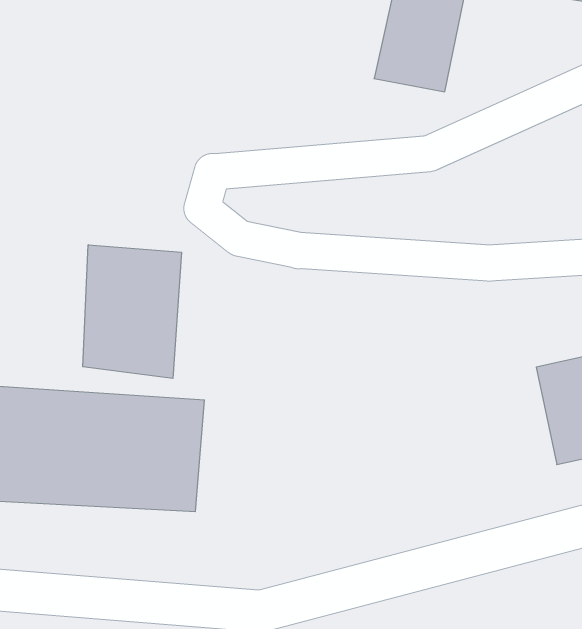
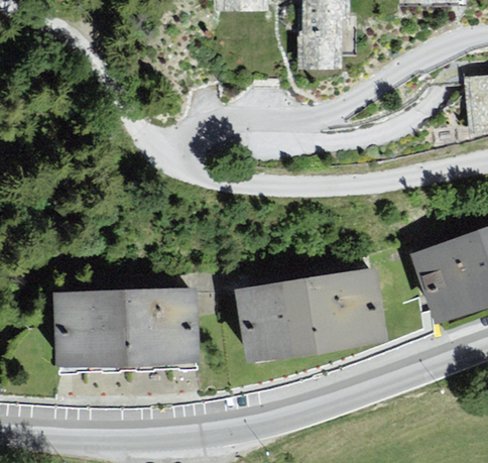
building: [83,245,181,378] -> none
building: none -> [232,270,379,356]

